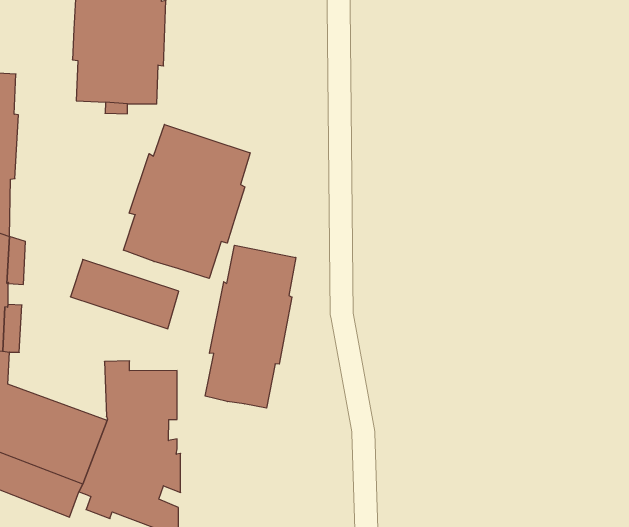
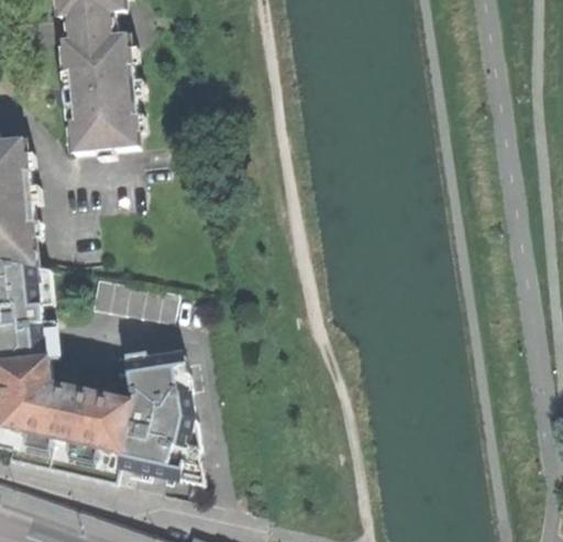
building: [123,124,250,278] -> none
building: [205,245,296,408] -> none

